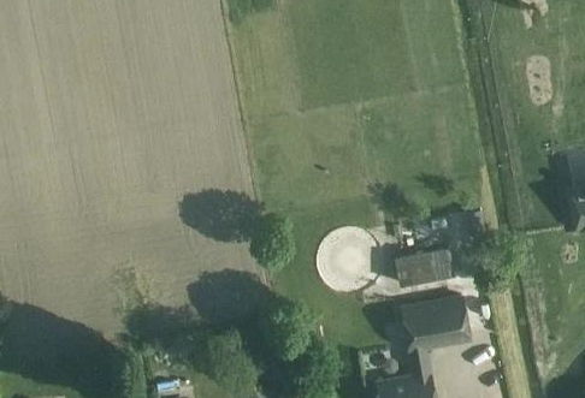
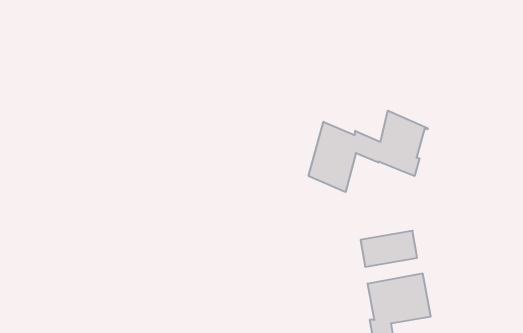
building: none -> [309,111,428,192]

